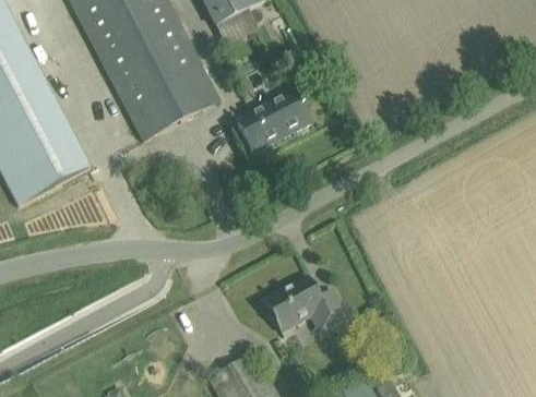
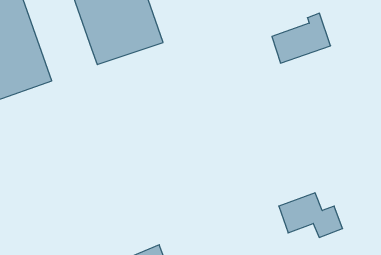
building: [237,82,311,151] -> [272,13,331,63]
building: [264,275,347,329] -> [279,193,343,237]

